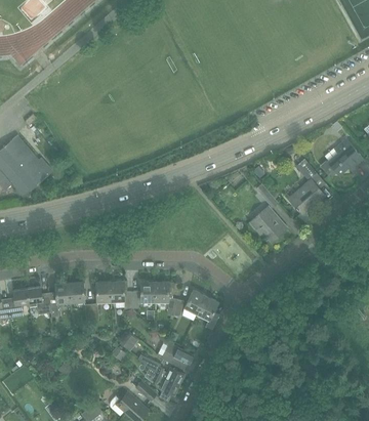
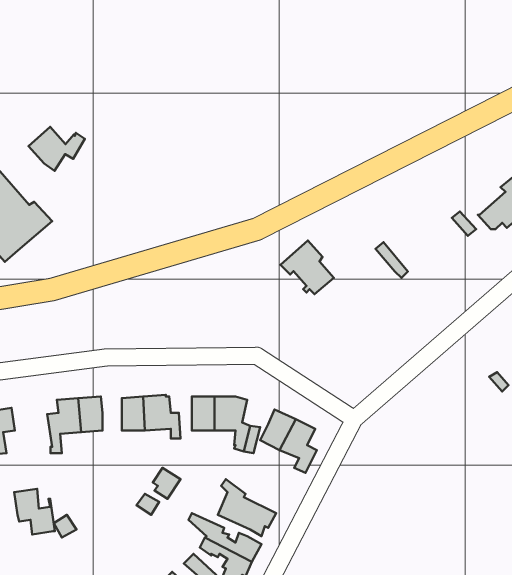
building: none -> [29,127,85,171]
building: [283,178,325,213] -> none
building: [250,206,284,240] -> [280,240,334,294]
building: [27,286,52,314] -> [14,489,55,534]

